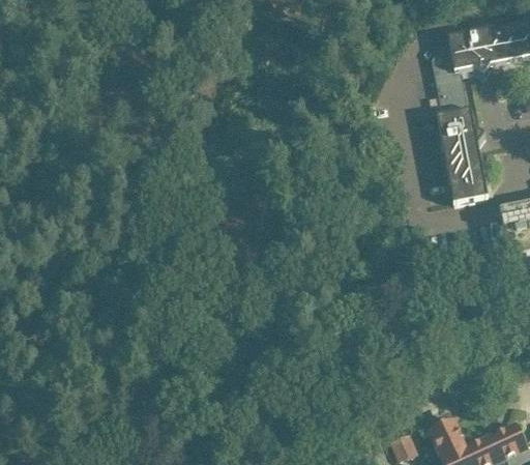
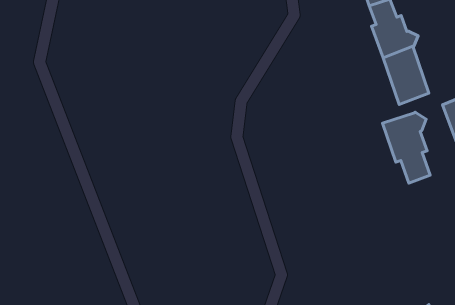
building: none -> [382,112,430,183]

